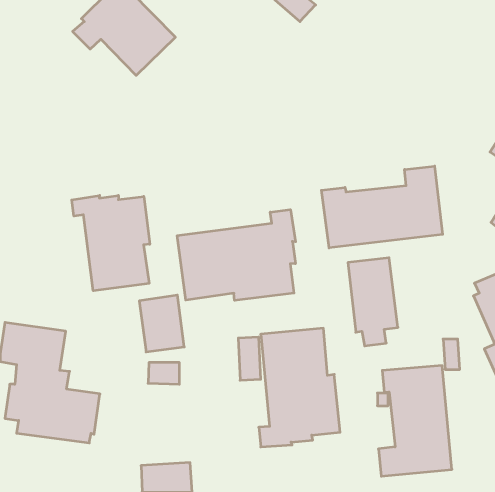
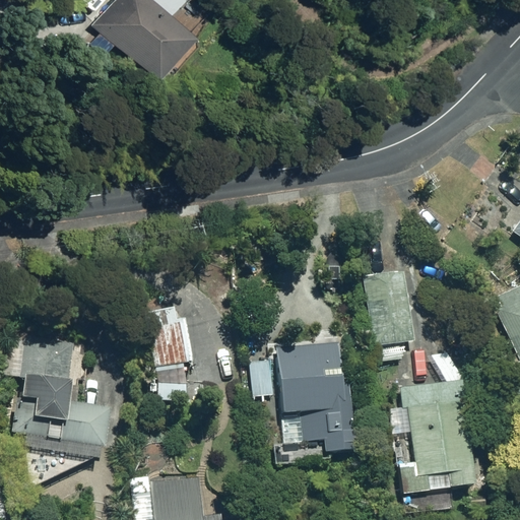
building: [321,166,443,248] -> none
building: [72,195,150,291] -> none
building: [177,210,296,300] -> none

